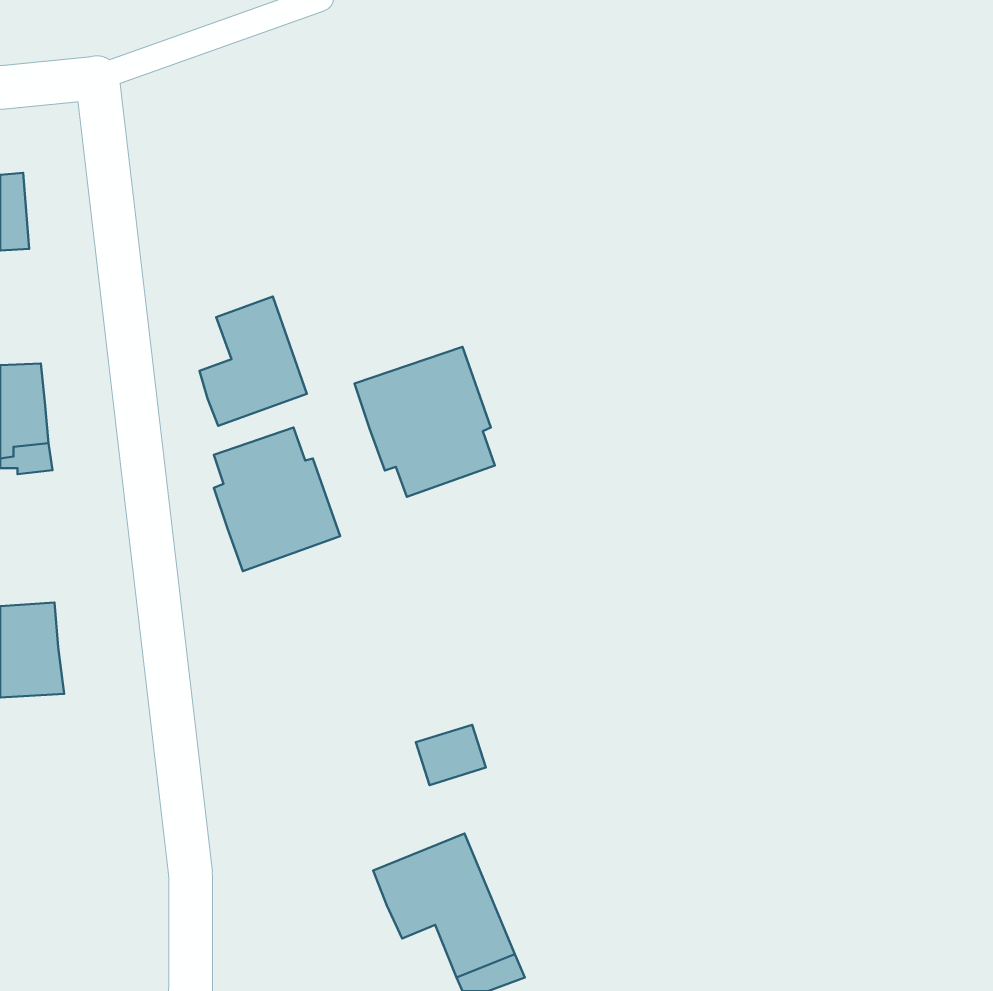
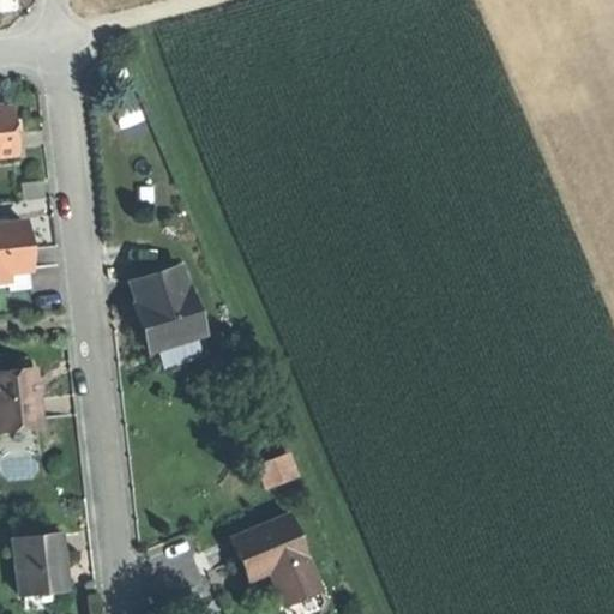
building: [199,297,307,426] -> none
building: [354,347,495,497] -> none
building: none -> [12,532,66,595]

